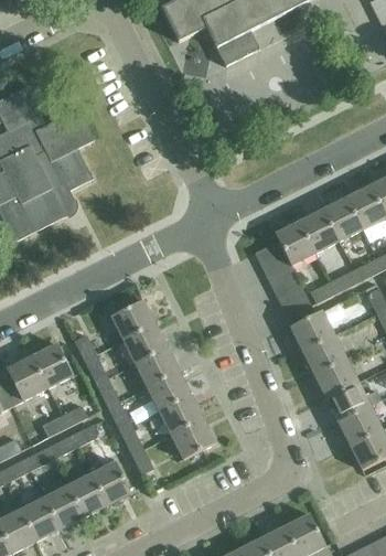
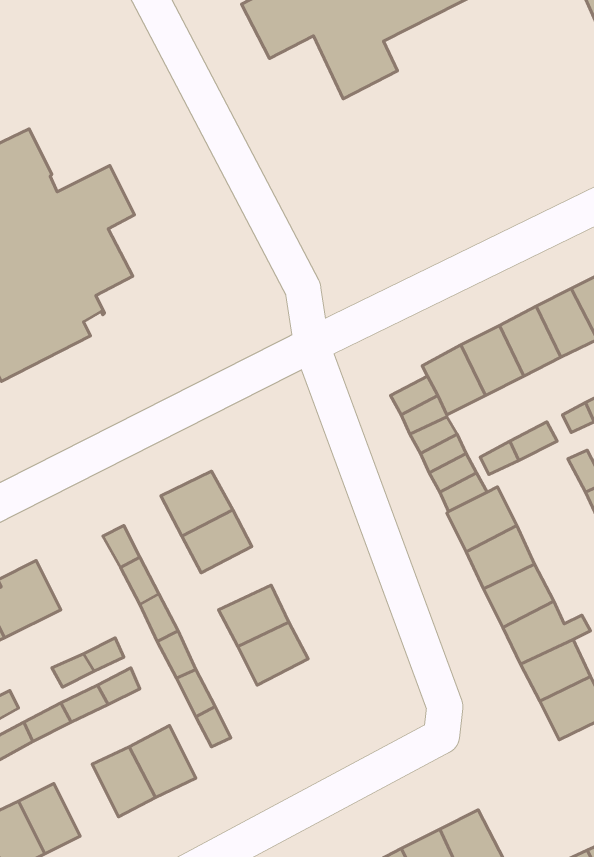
building: [32,344,72,387] -> none
building: [136,348,180,387] -> none
building: [171,418,215,459] -> none
building: [43,484,84,530] -> none

